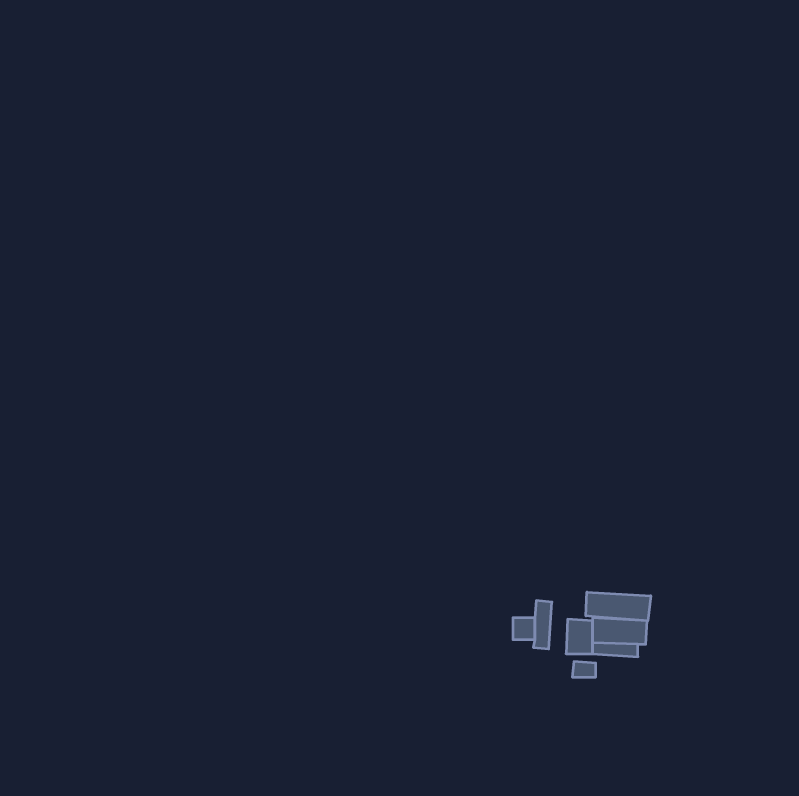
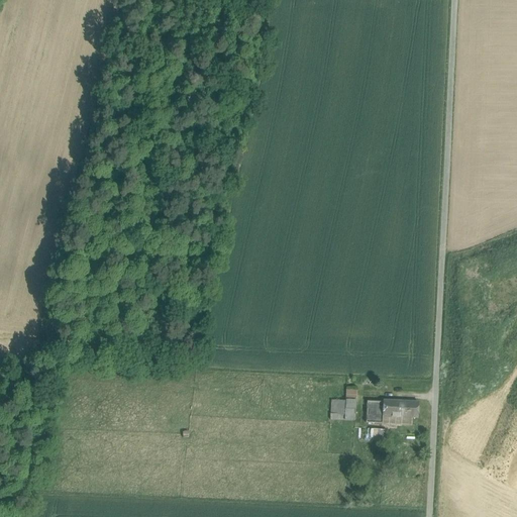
building: [586,592,651,621] -> none

